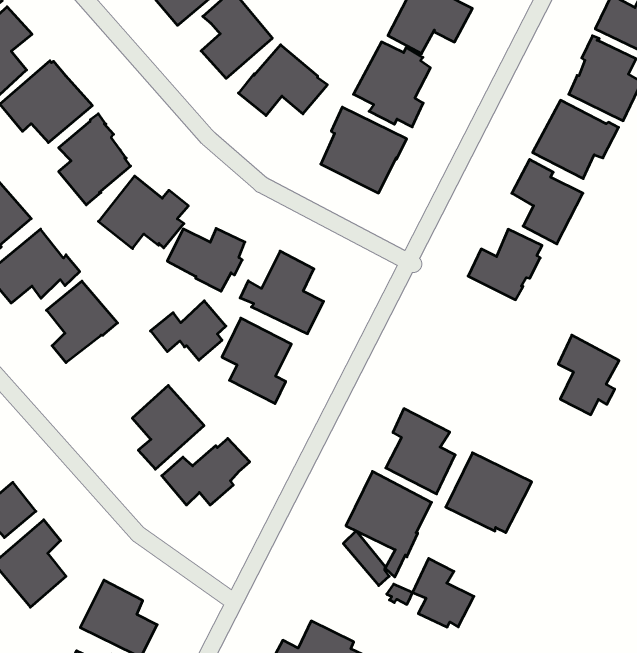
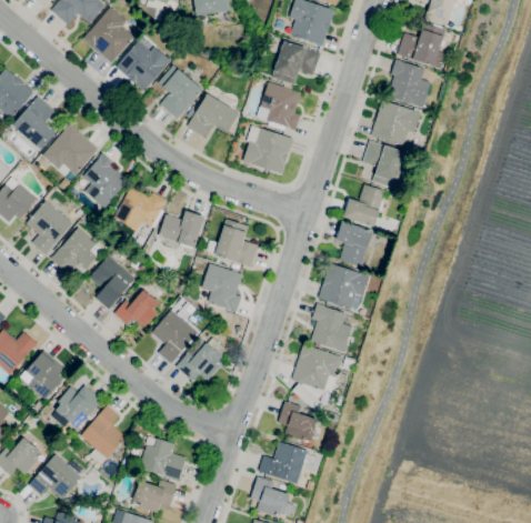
building: [150,301,226,360] -> [113,290,159,326]
building: [558,335,619,415] -> [335,221,372,268]
building: [446,453,532,533] -> [319,263,369,309]
building: [412,558,474,627] -> [279,401,317,441]

